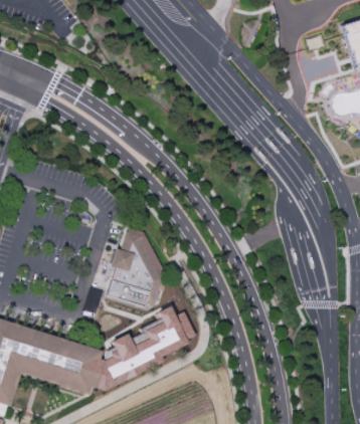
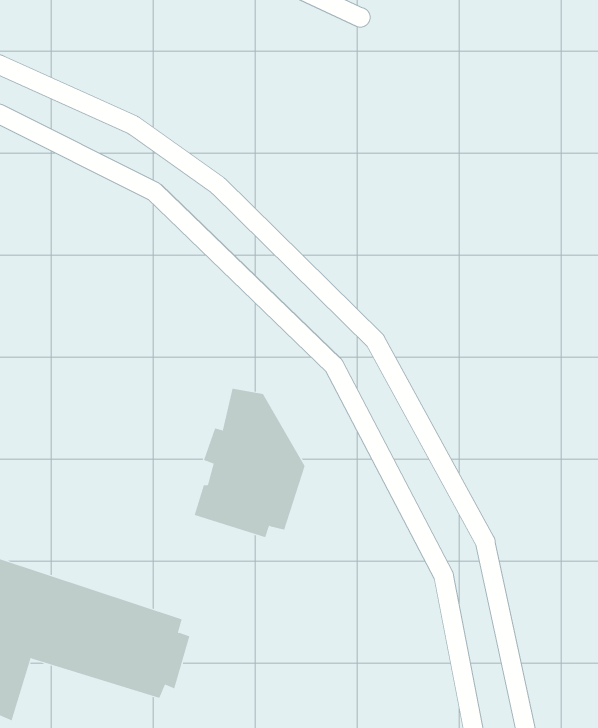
building: [97,303,197,392] -> none

